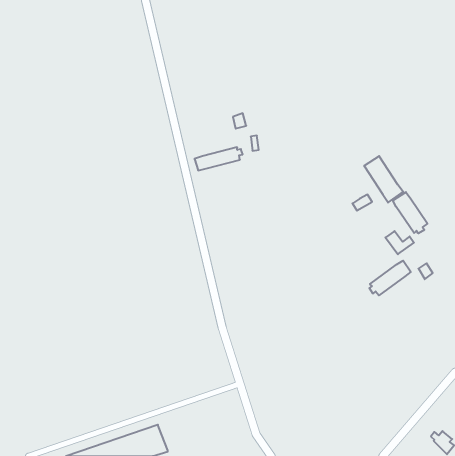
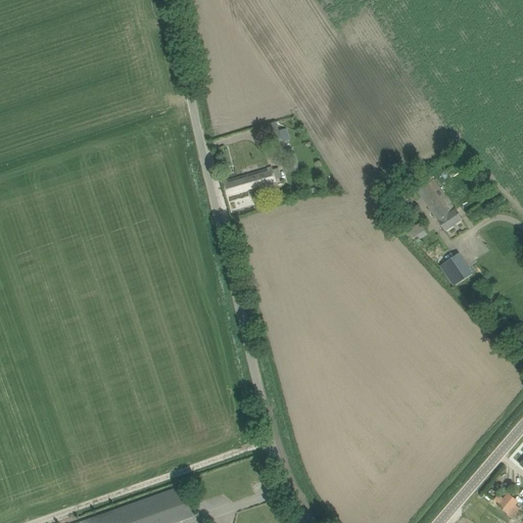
building: [393,192,427,233] -> none
building: [369,261,411,295] -> none

